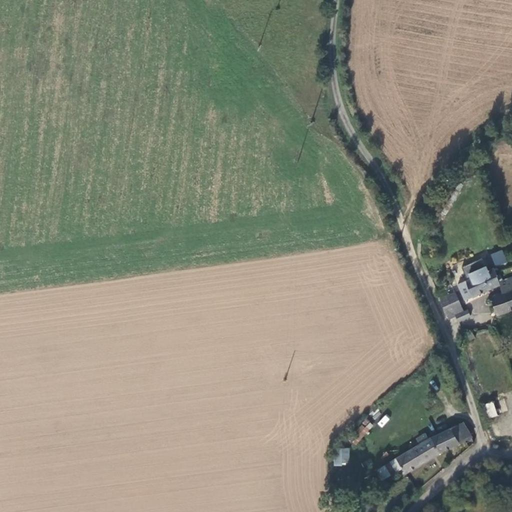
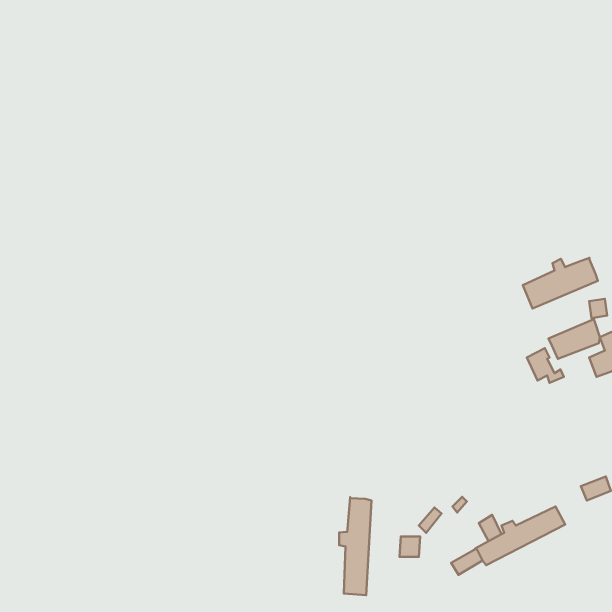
building: none -> [523,258,598,308]
building: none -> [339,497,372,595]

